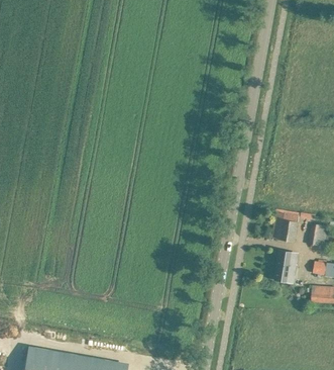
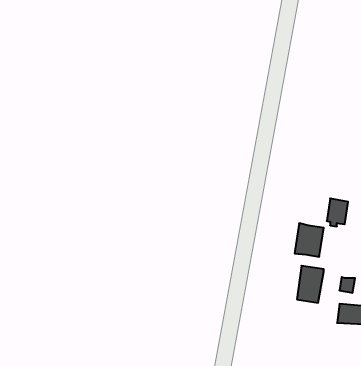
building: [308,222,327,248] -> [327,198,348,226]

